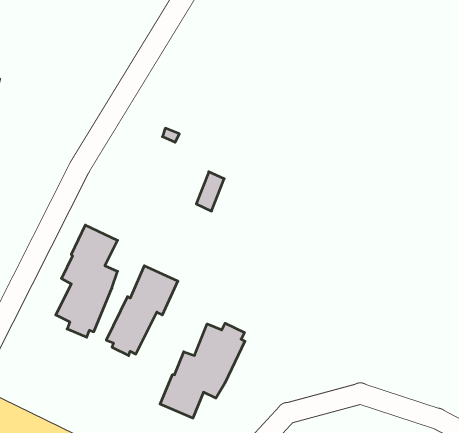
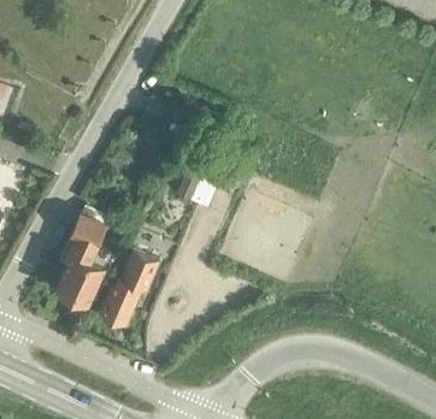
building: [160,323,245,418] -> none

